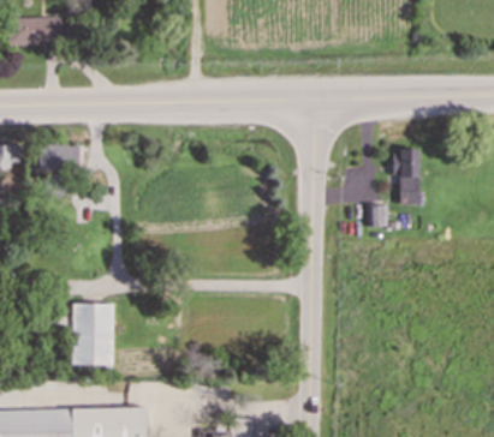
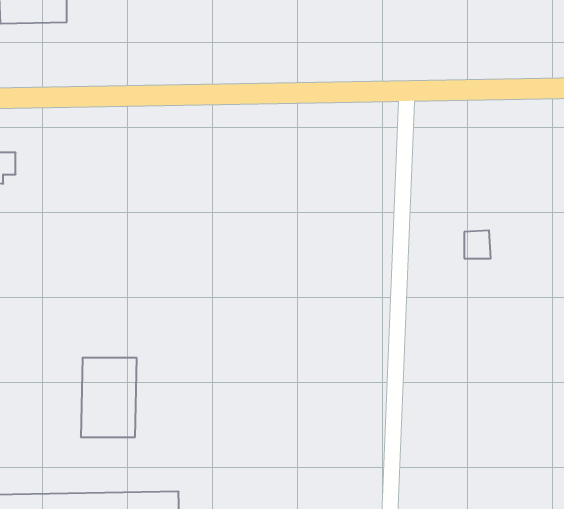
building: [37,144,79,172] -> none
building: [393,151,419,204] -> none

